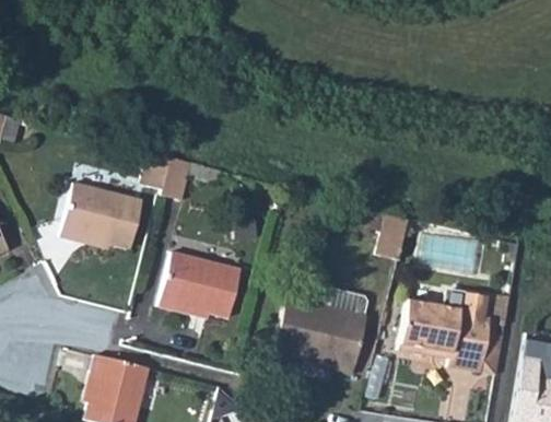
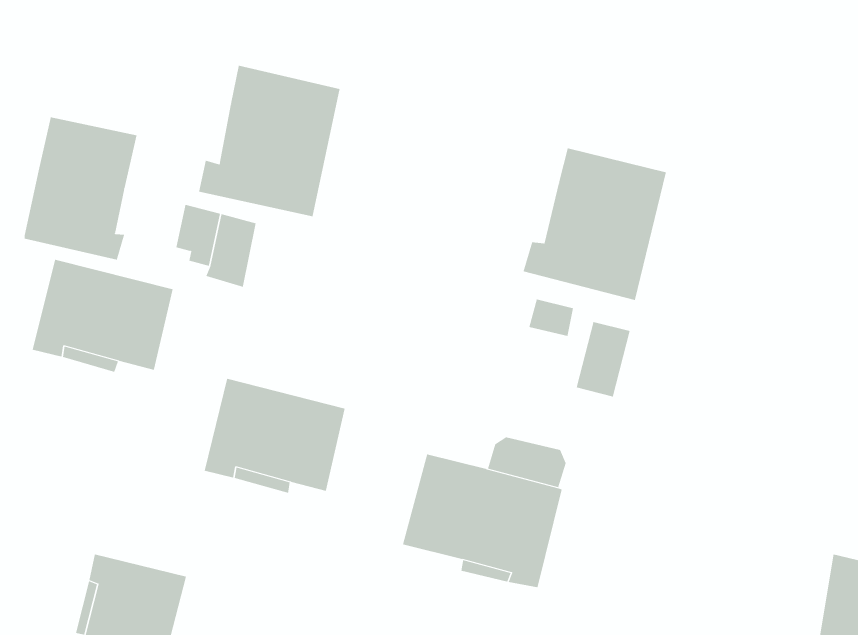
building: none -> [198,65,340,217]
building: none -> [24,117,137,261]
building: none -> [523,147,667,301]
building: [398,293,504,374] -> none

